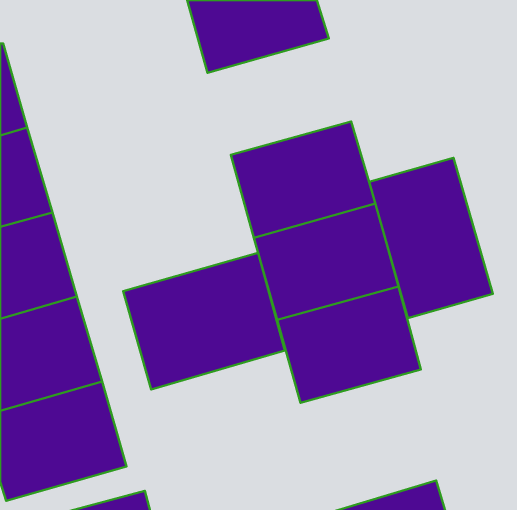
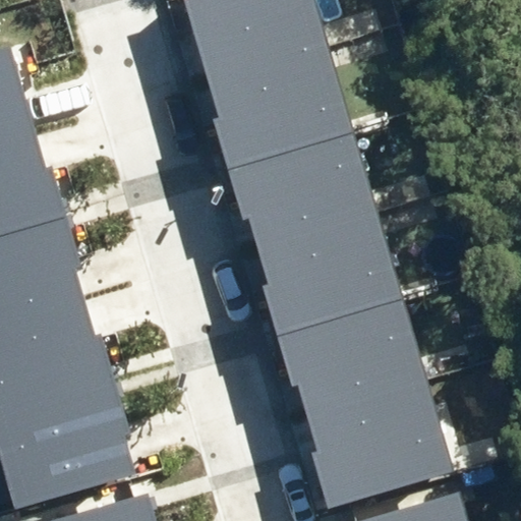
building: none -> [209,46,353,163]
building: [369,158,493,318] -> none
building: [123,253,285,389] -> none
building: none -> [302,379,448,495]

